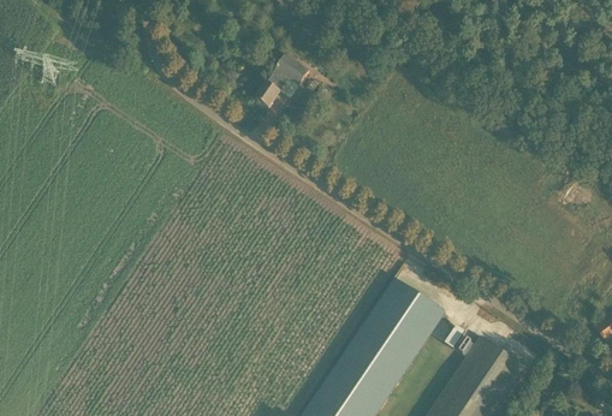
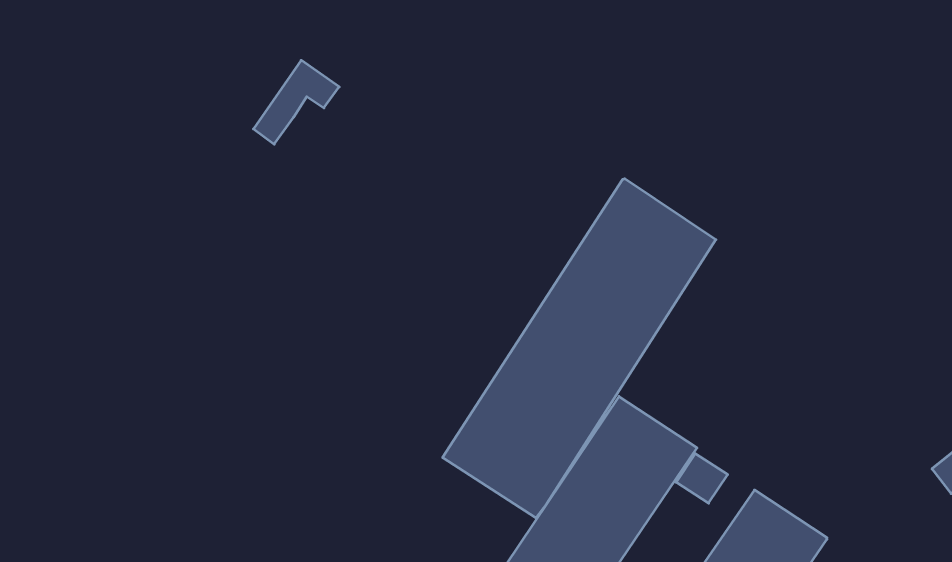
building: [255,54,309,107] -> [253,60,339,144]
building: none -> [443,179,716,518]

